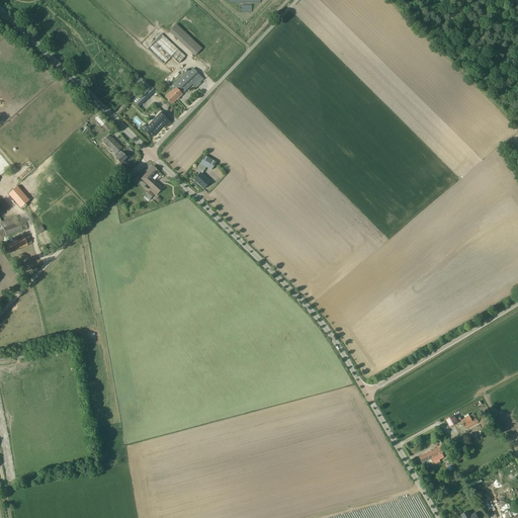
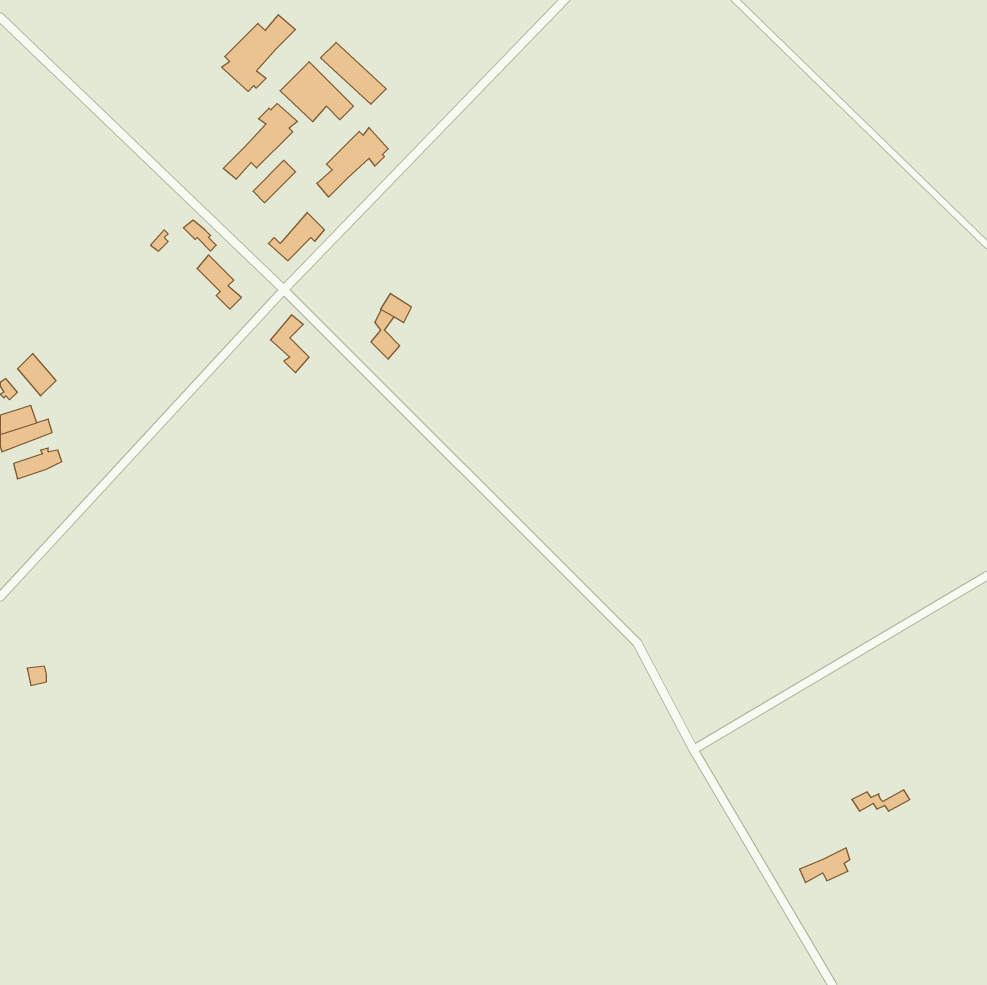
building: none -> [222,15,295,91]
building: none -> [223,104,297,179]

